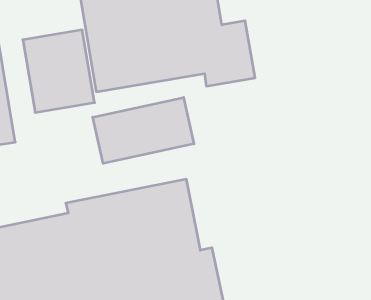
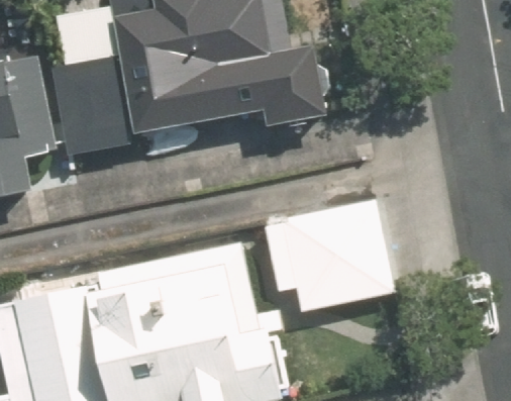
building: [93,97,194,163] -> none
building: none -> [262,193,394,312]

